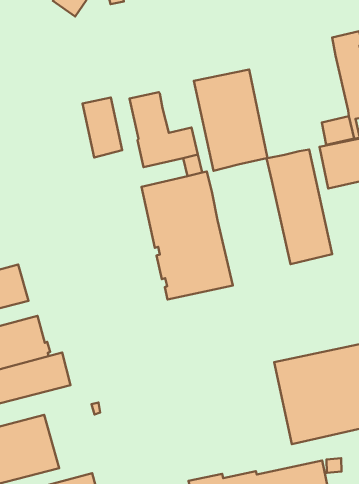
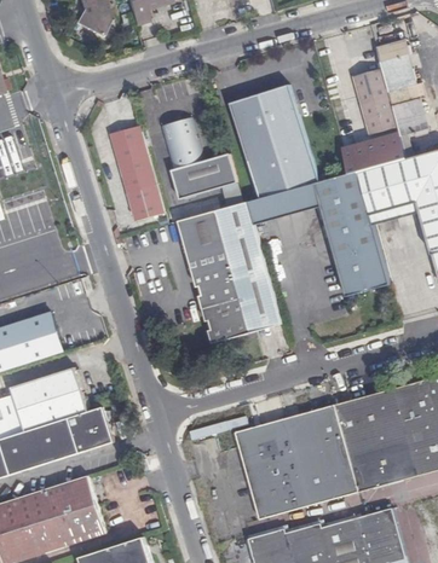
building: none -> [352,66,398,133]
building: none -> [340,140,376,173]
building: none -> [125,182,163,221]
building: none -> [248,182,319,224]
building: none -> [234,404,357,518]

